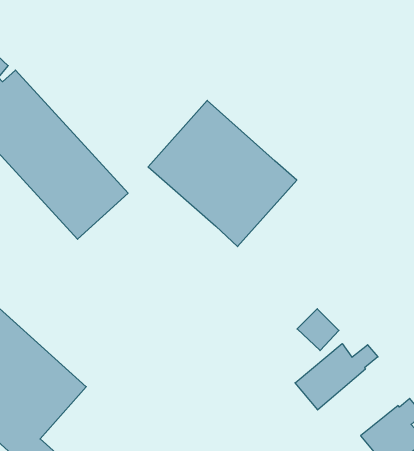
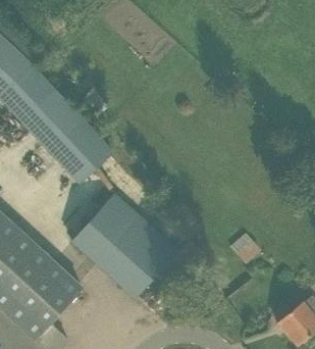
building: [148,100,297,247] -> [71,195,176,298]
building: [295,344,378,410] -> none

